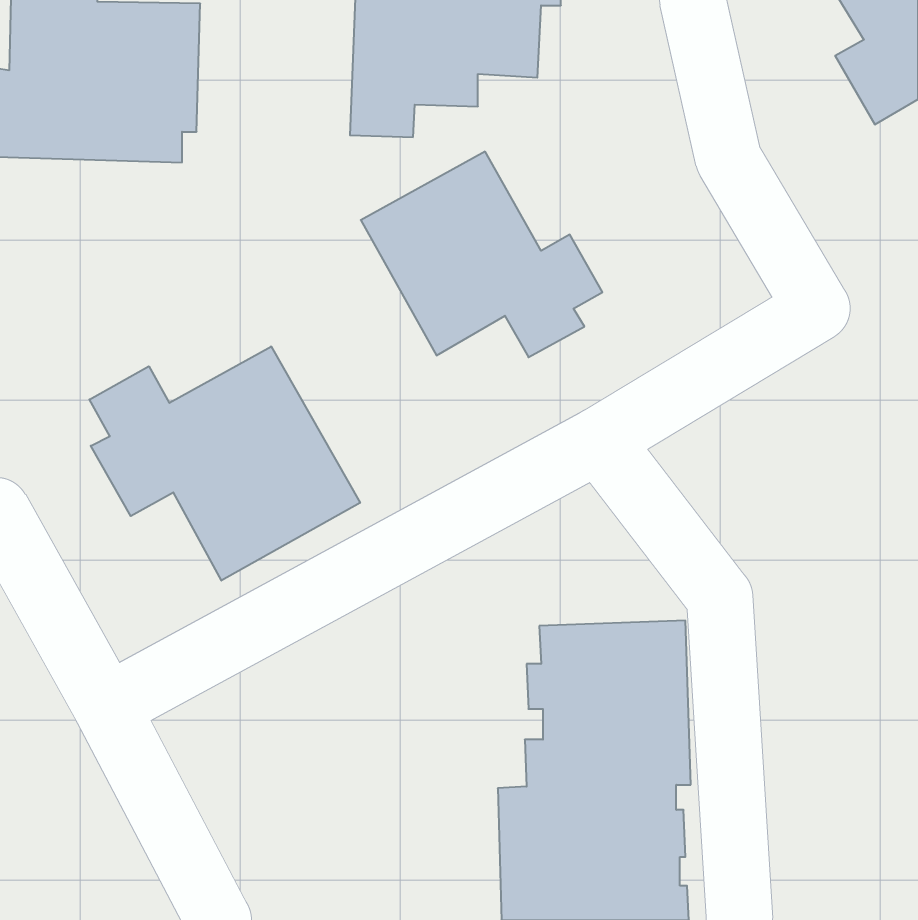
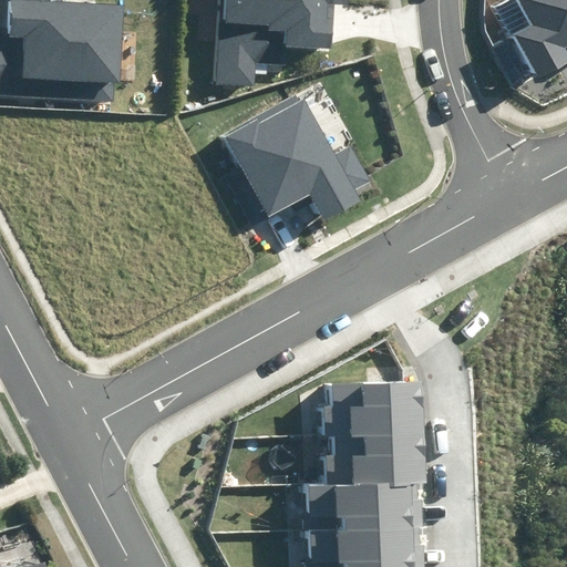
building: [89,346,360,581] -> none

